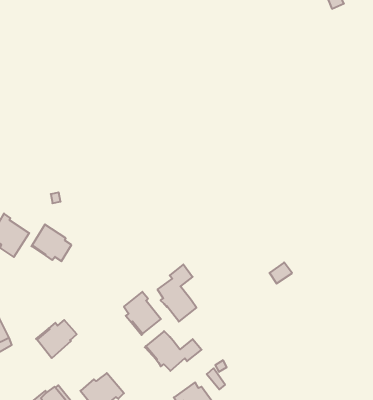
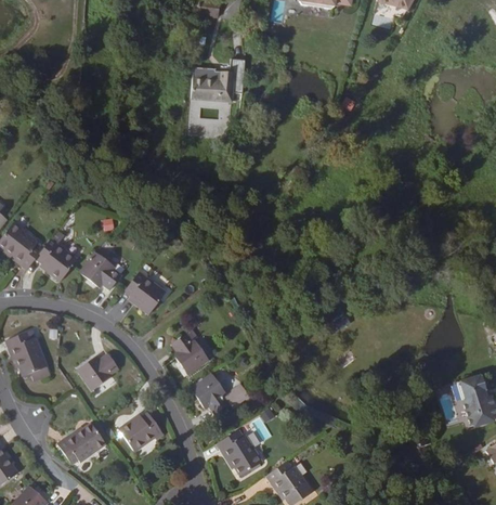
building: none -> [191,70,236,101]
building: none -> [123,268,166,313]
building: [158,264,196,322] -> none

